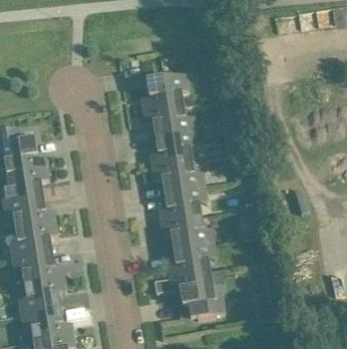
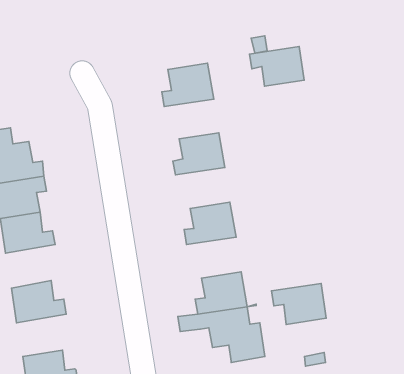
building: [142,103,187,135] -> [250,47,304,86]
building: [151,158,196,192] -> none
building: [160,215,205,248] -> [271,283,326,324]
building: [14,221,56,256] -> none
building: [23,277,65,311] -> none

